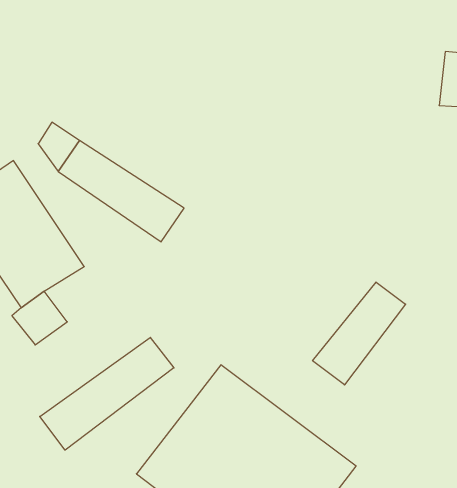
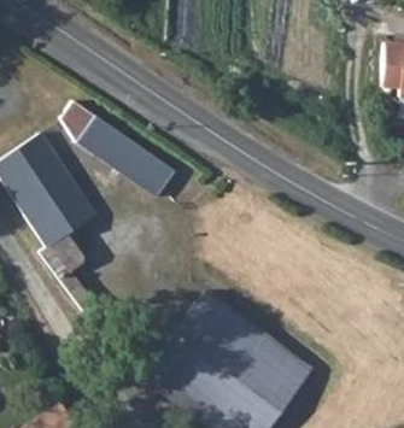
building: [313,282,406,385] -> none
building: [40,337,174,450] -> none

